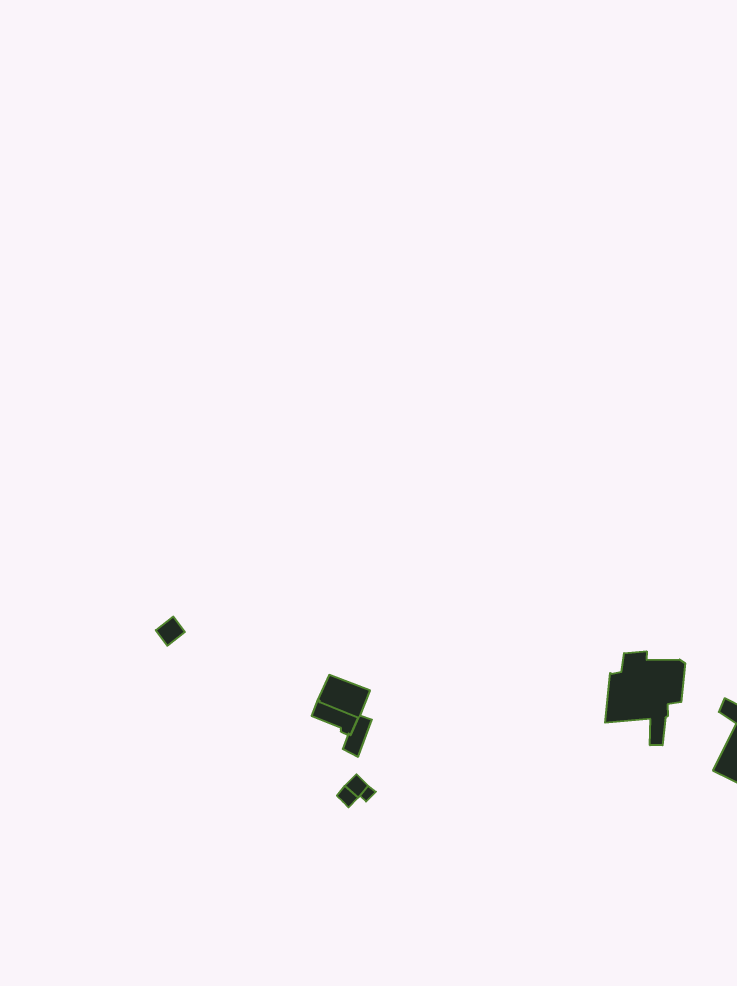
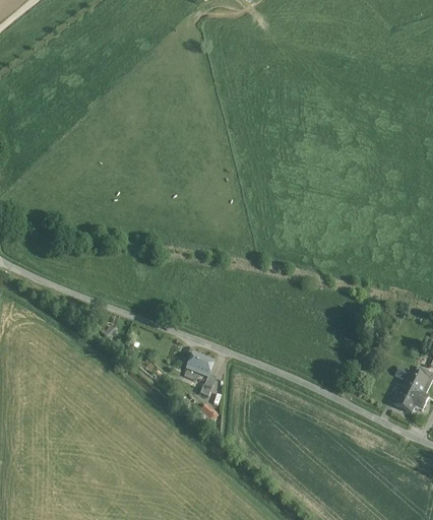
building: [605,651,685,745] -> none

